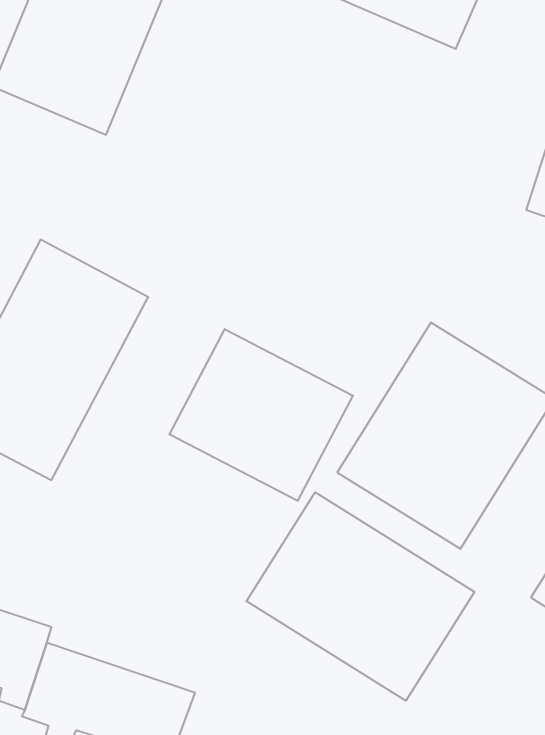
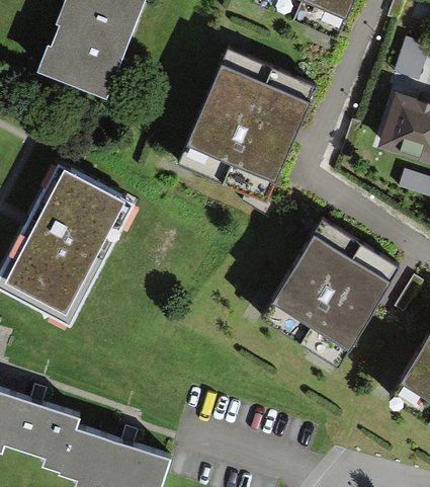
building: none -> [173,42,319,201]
building: [169,329,353,501] -> none
building: [247,492,474,701] -> none

